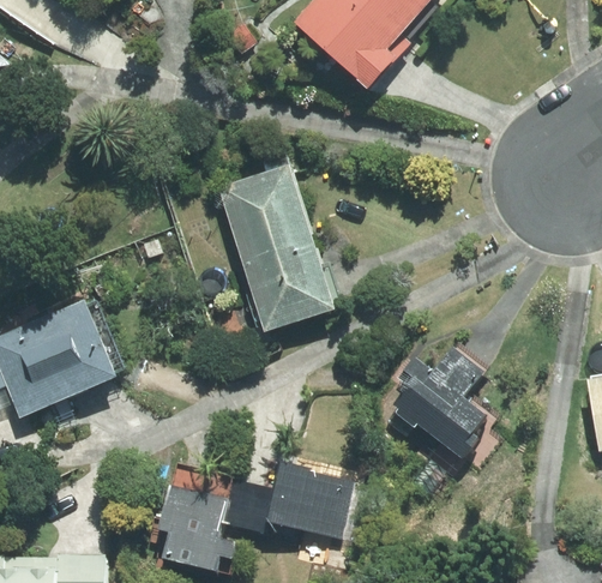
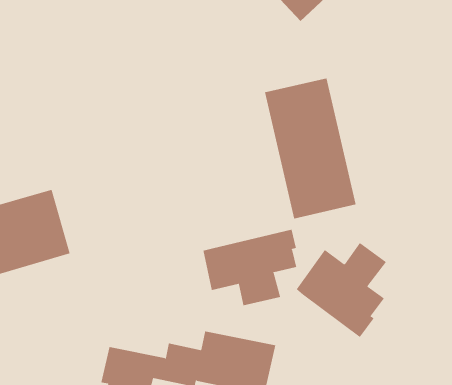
building: [217,162,333,331] -> [264,78,356,219]
building: none -> [203,229,297,306]

